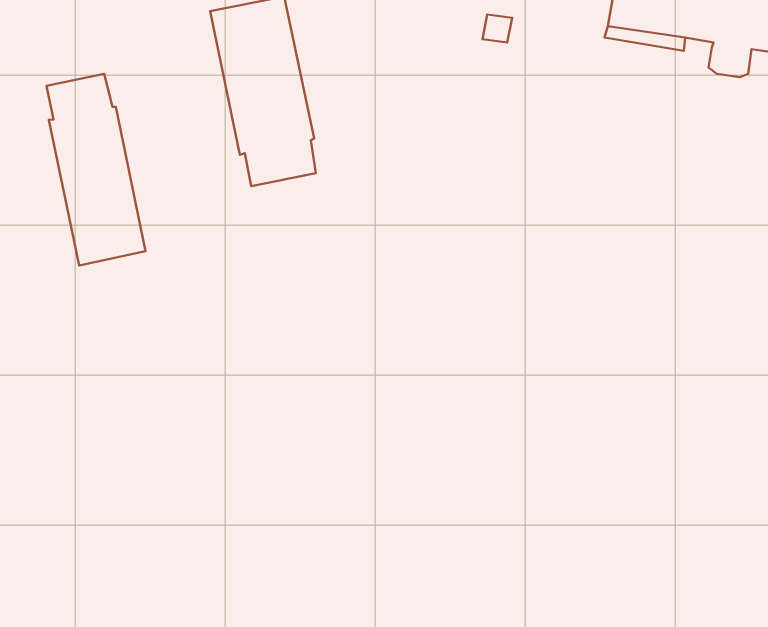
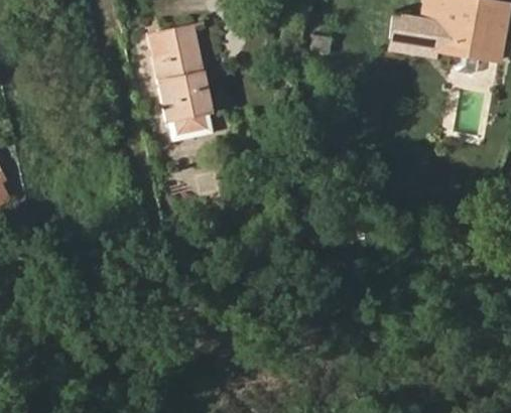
building: [47,74,145,265] -> none

